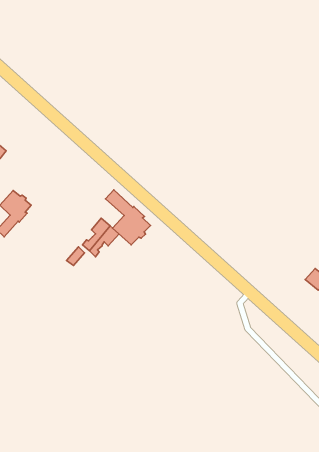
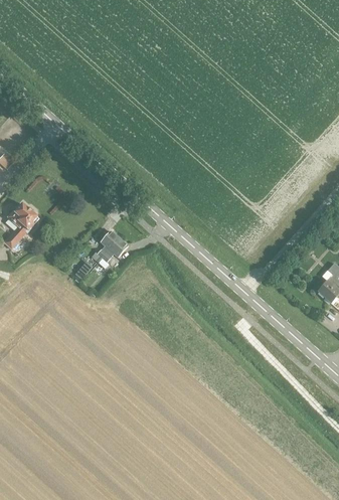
building: [105,190,150,245] -> none

